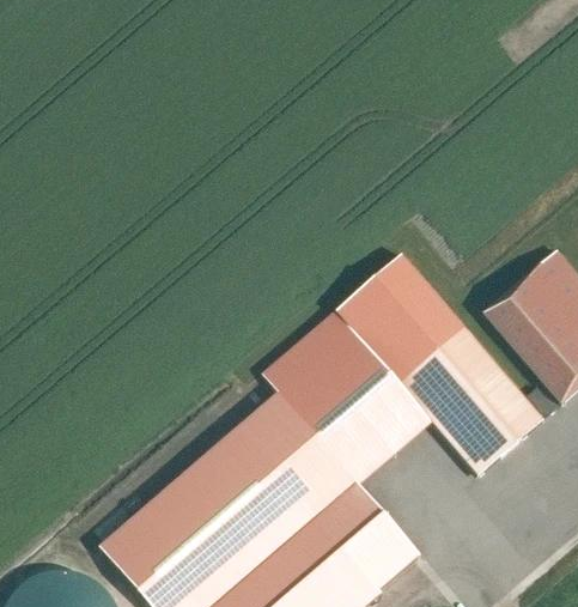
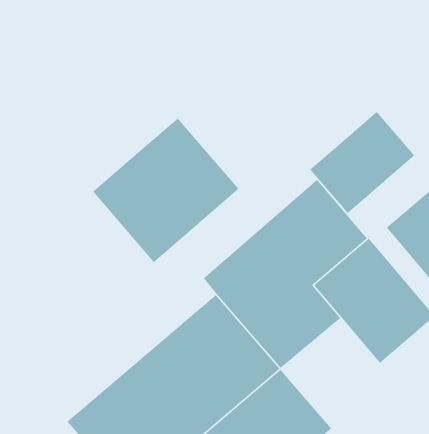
building: none -> [309,111,415,214]
building: none -> [92,117,239,263]

